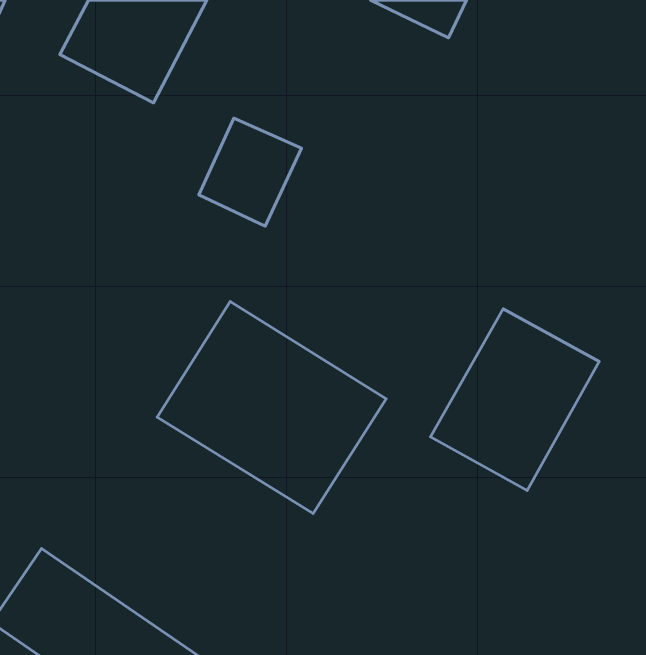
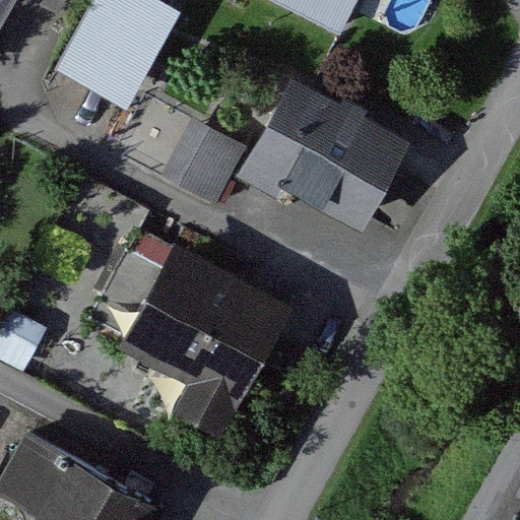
building: none -> [239,83,405,246]
building: [431,309,599,490] -> none

